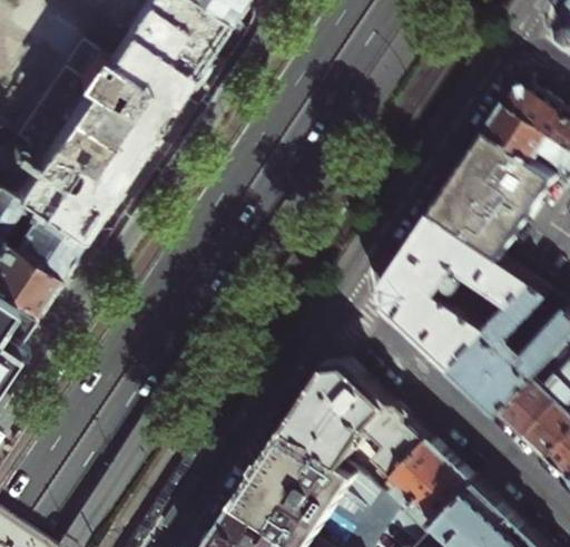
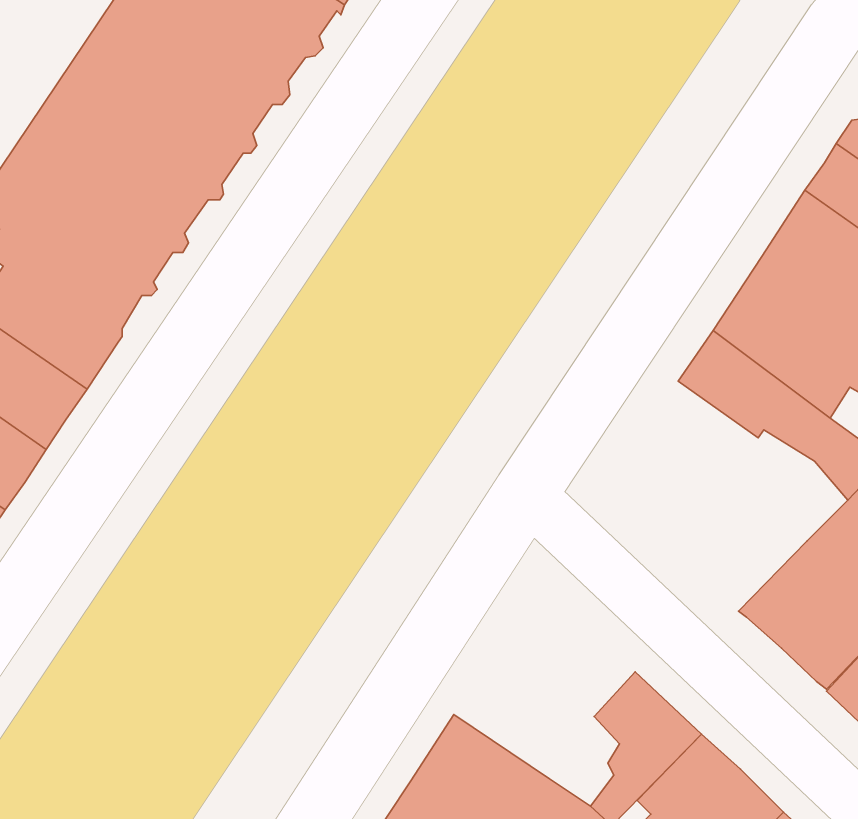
building: [382,243,511,374] -> none
building: [286,371,390,470] -> none

